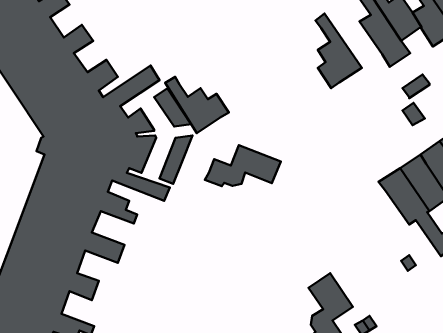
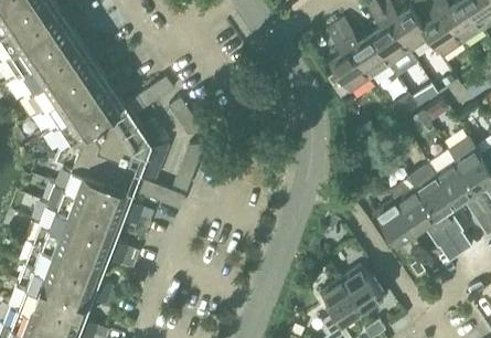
building: none -> [335,19,392,77]
building: [165,77,229,133] -> none
building: [205,145,281,186] -> none
building: none -> [374,198,418,245]
building: none -> [341,265,383,311]

